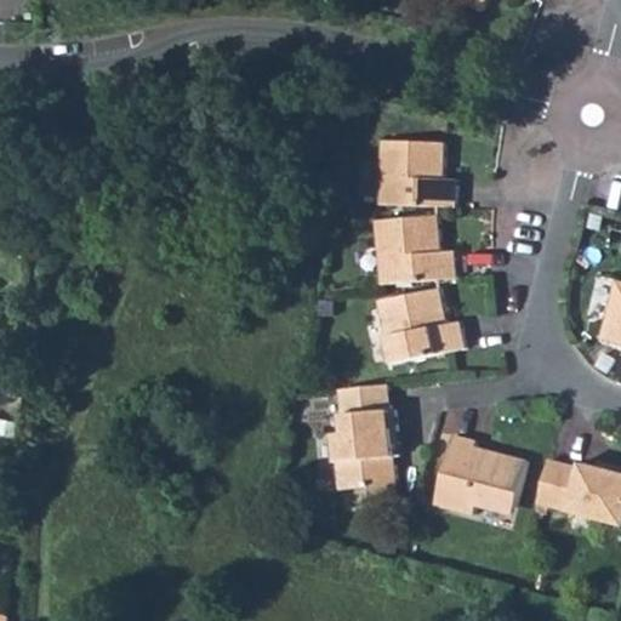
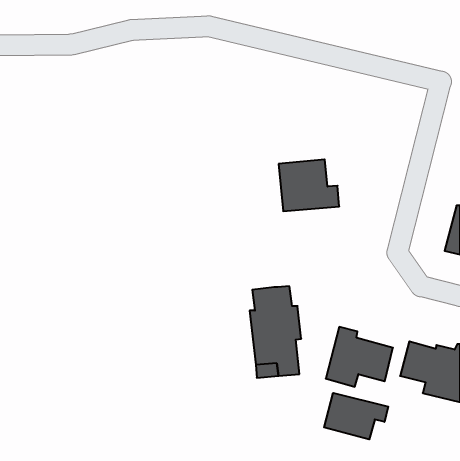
building: [377,139,455,205] -> none
building: [375,286,463,363] -> none
building: none -> [324,393,388,439]

